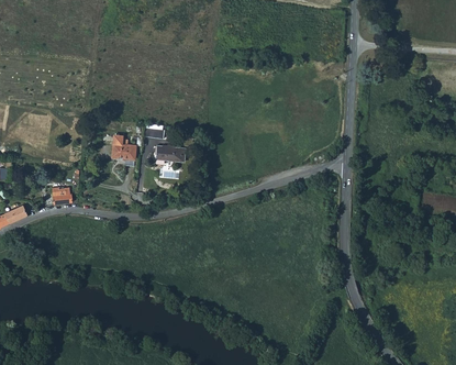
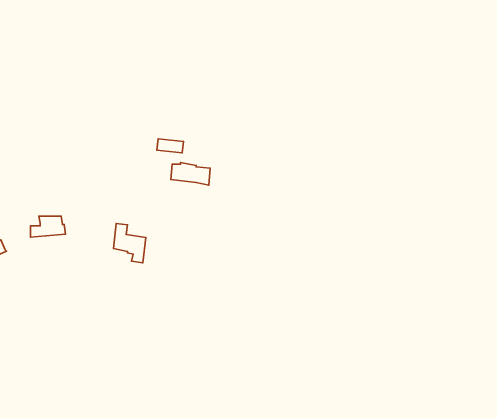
building: [112,134,137,165] -> [113,223,146,263]

